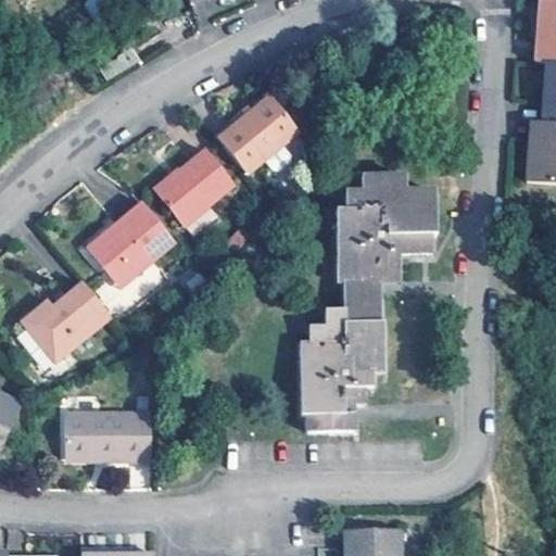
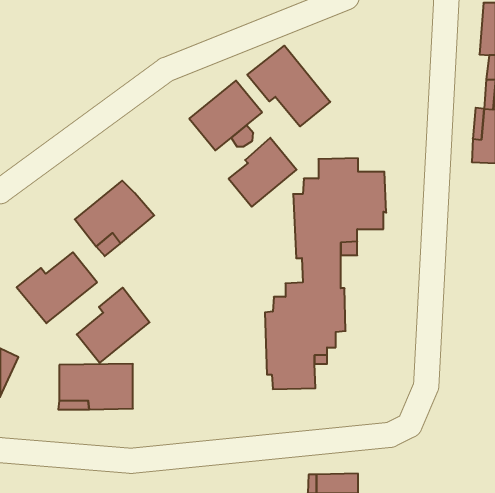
building: none -> [247,46,330,126]
building: [157,148,233,225] -> [229,138,297,207]
building: none -> [77,288,150,363]

